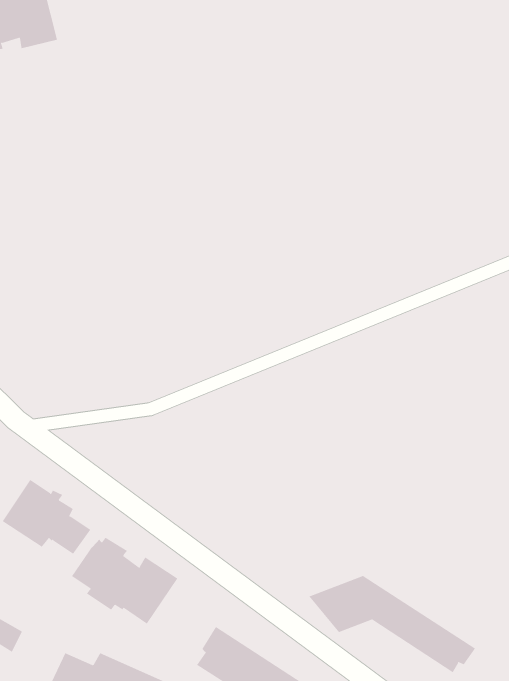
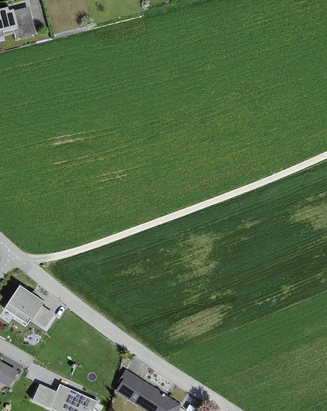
building: [71,537,178,625] -> none
building: [308,575,476,673] -> none

